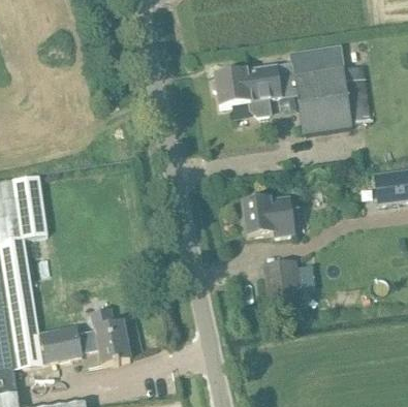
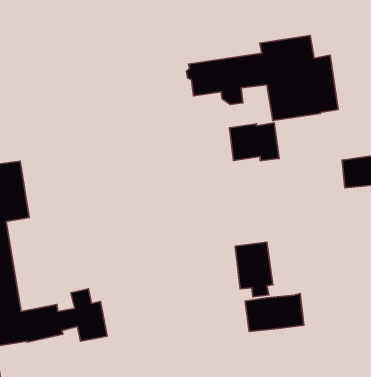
building: [242,196,293,236] -> [230,123,279,161]
building: none -> [245,294,304,331]

